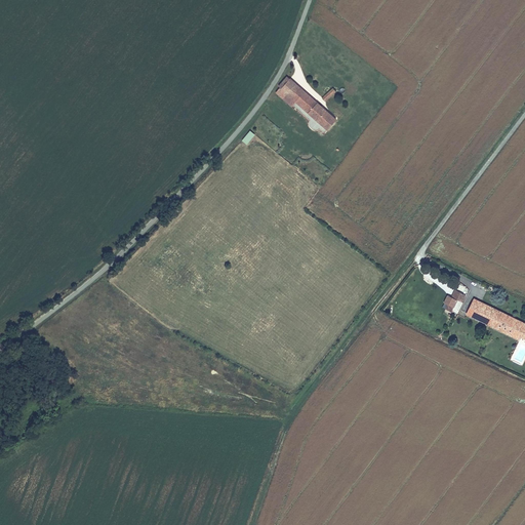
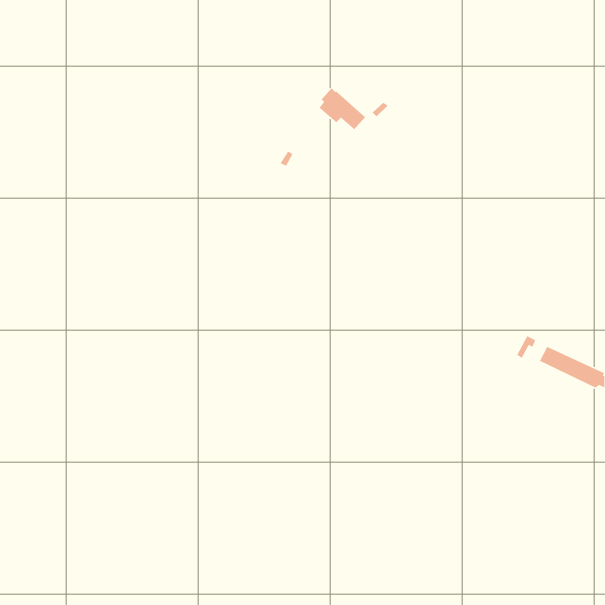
building: [307,102,336,130] -> none

